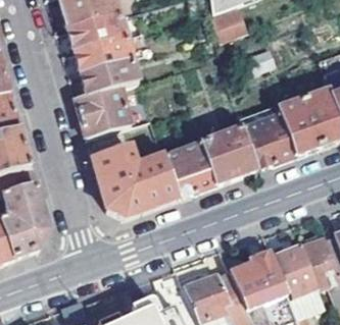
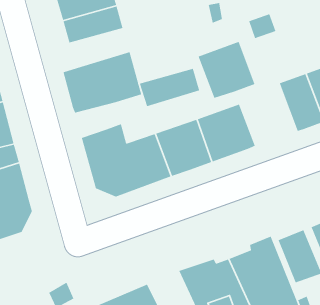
building: [81,58,138,95] -> [139,68,200,107]
building: [240,114,294,168] -> [198,41,255,99]

